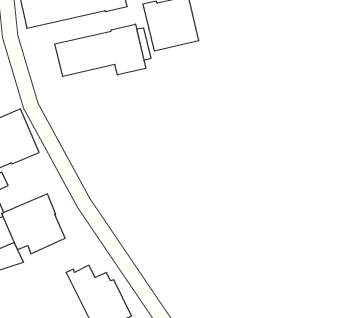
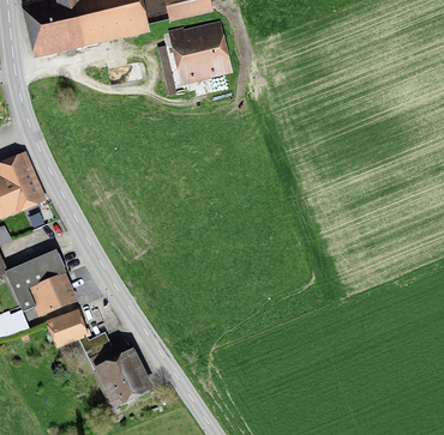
building: [55,24,146,77] -> none
building: none -> [44,308,88,348]

